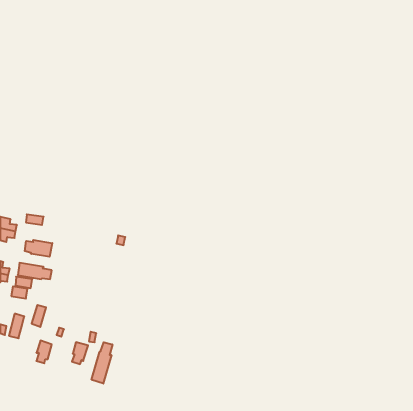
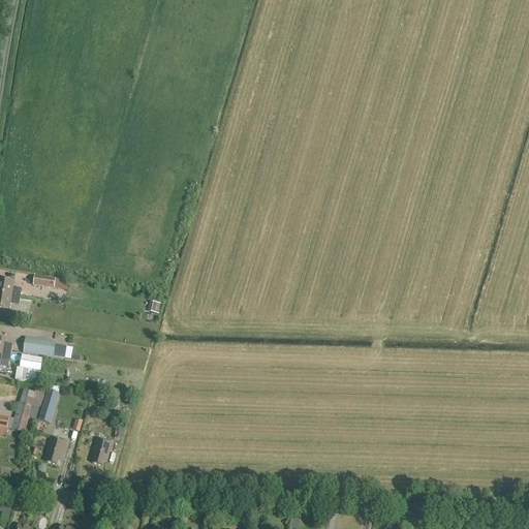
building: [25,240,52,257] -> none
building: [92,342,112,384] -> none

